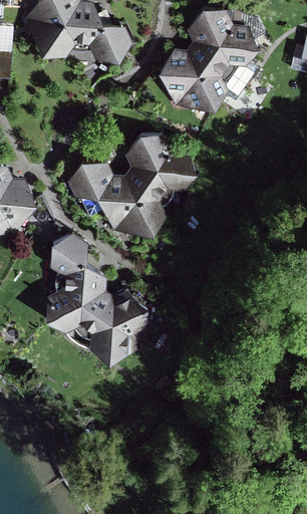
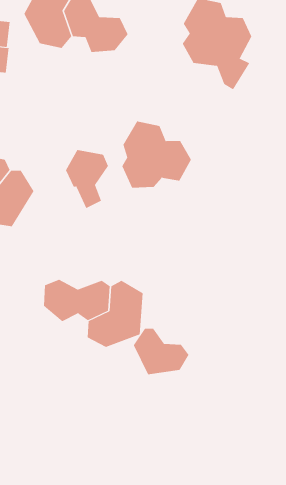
building: [160,50,229,108] -> none
building: [99,177,167,235] -> none
building: [50,234,107,301] -> none
building: none -> [133,328,189,375]

